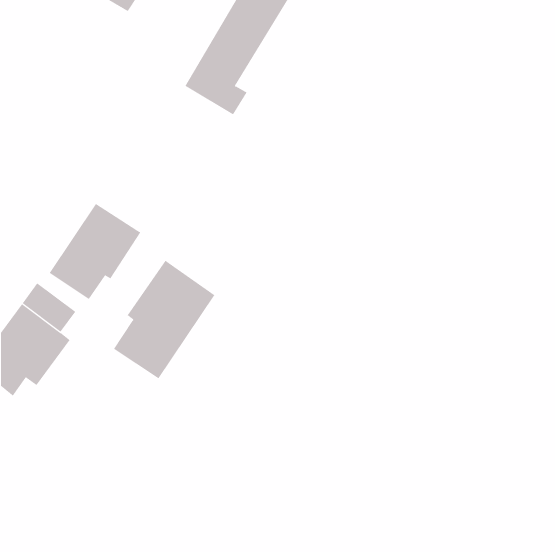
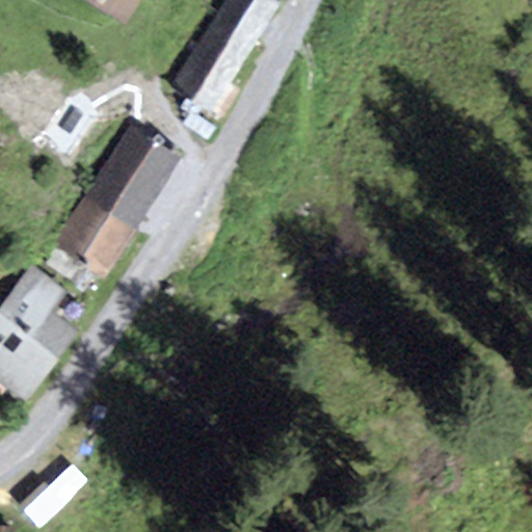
building: none -> [91,125,178,220]
building: [113,260,215,379] -> none

